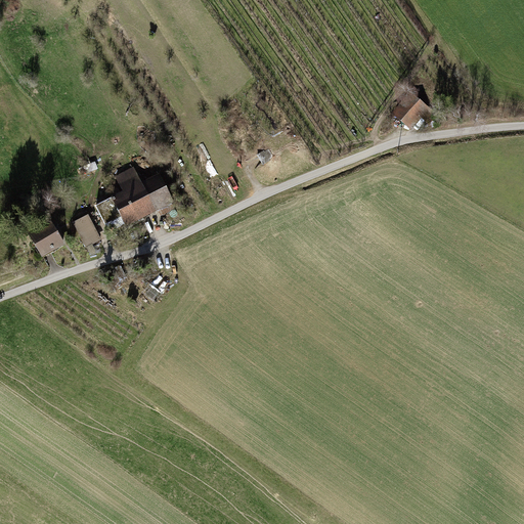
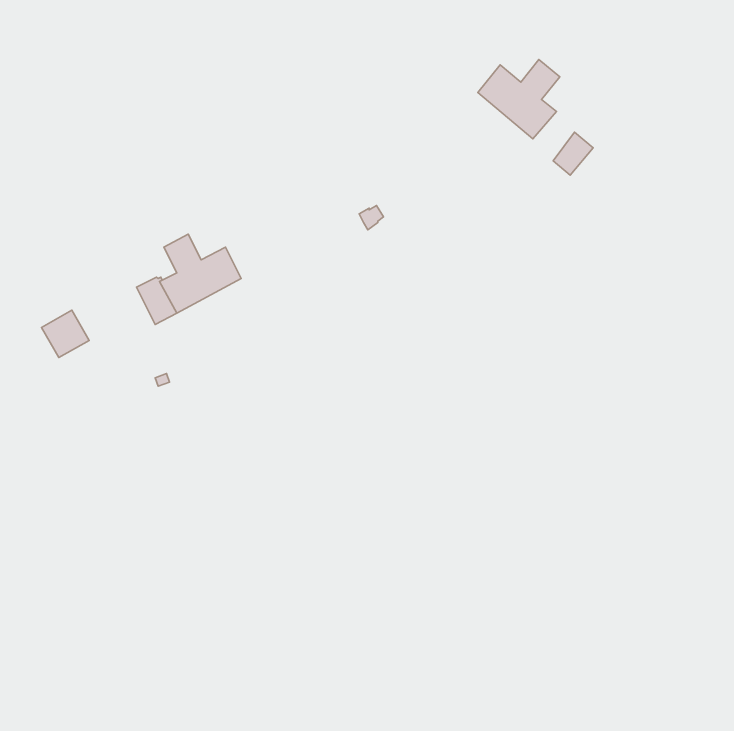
building: none -> [478,60,560,139]
building: [75,215,100,245] -> none

